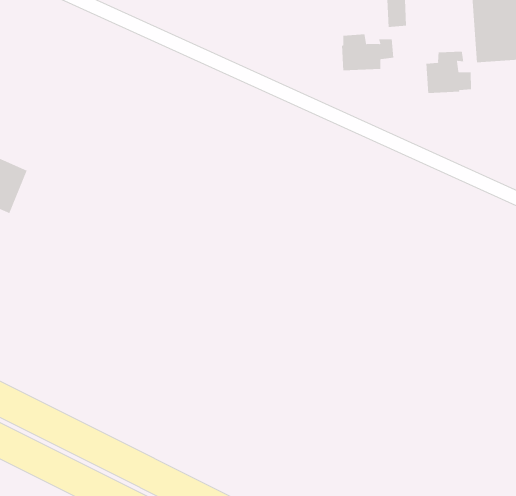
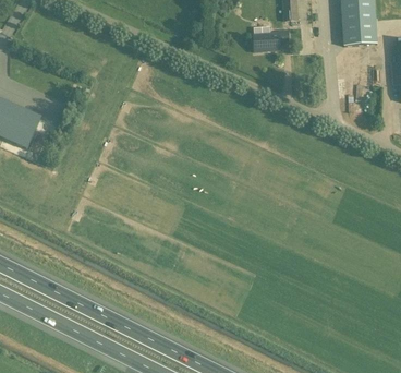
building: [426,51,471,94] -> none

